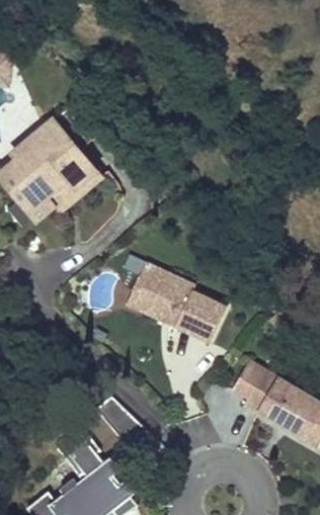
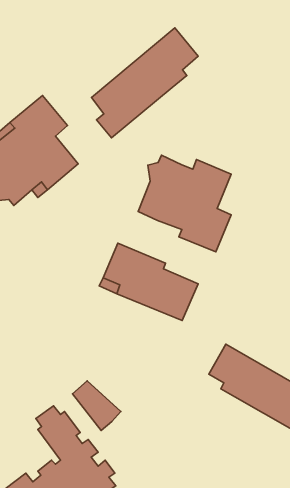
building: none -> [91,28,198,138]
building: none -> [138,155,231,252]

